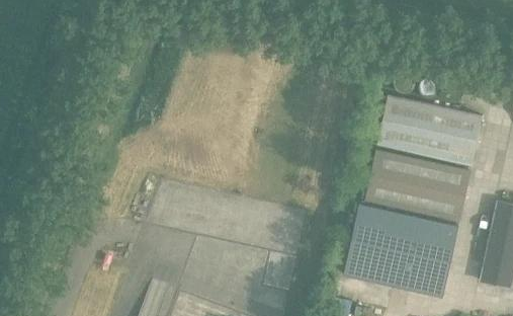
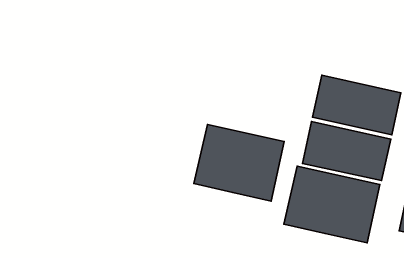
building: none -> [194,124,284,201]

